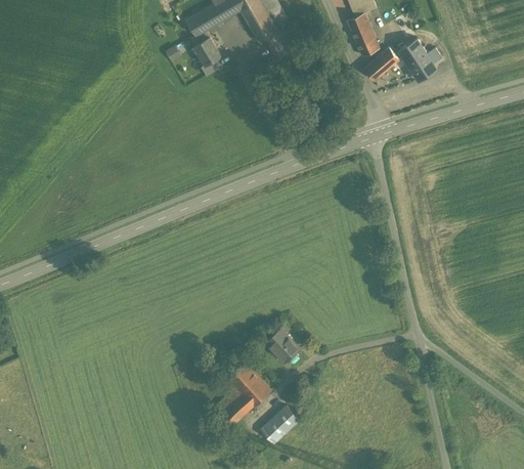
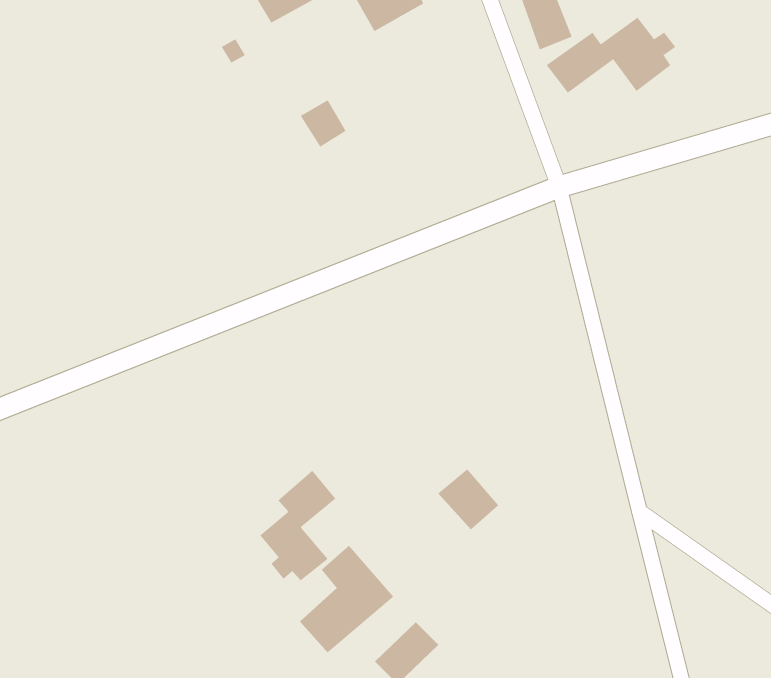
building: [192,37,221,67] -> [300,99,347,148]
building: none -> [260,470,336,581]
building: [263,328,301,366] -> [437,468,499,530]

